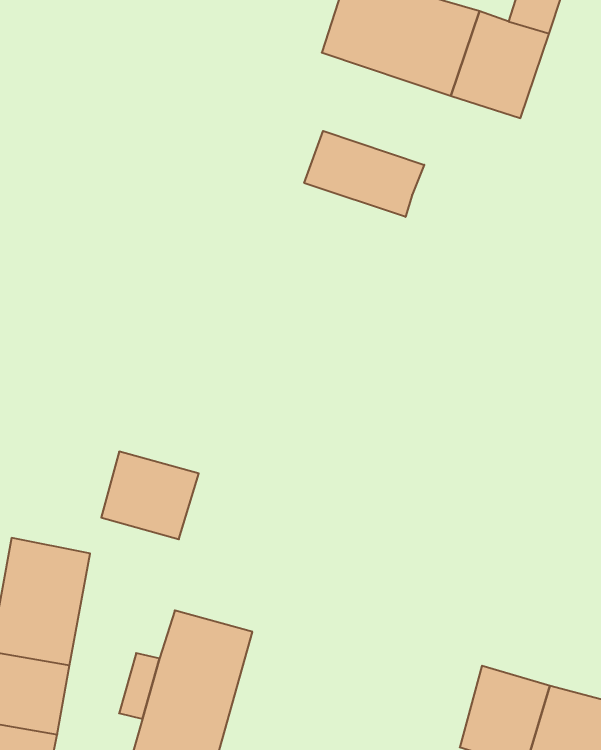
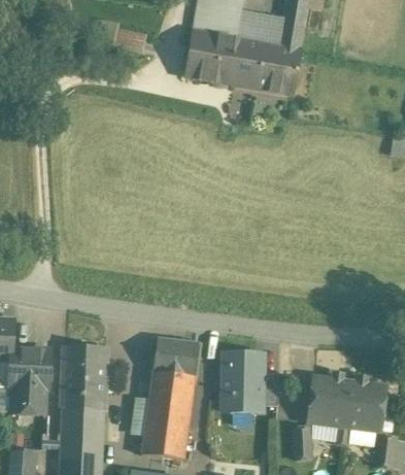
building: [304,131,424,217] -> none
building: [101,452,199,539] -> [153,336,199,376]
building: none -> [222,349,263,412]

